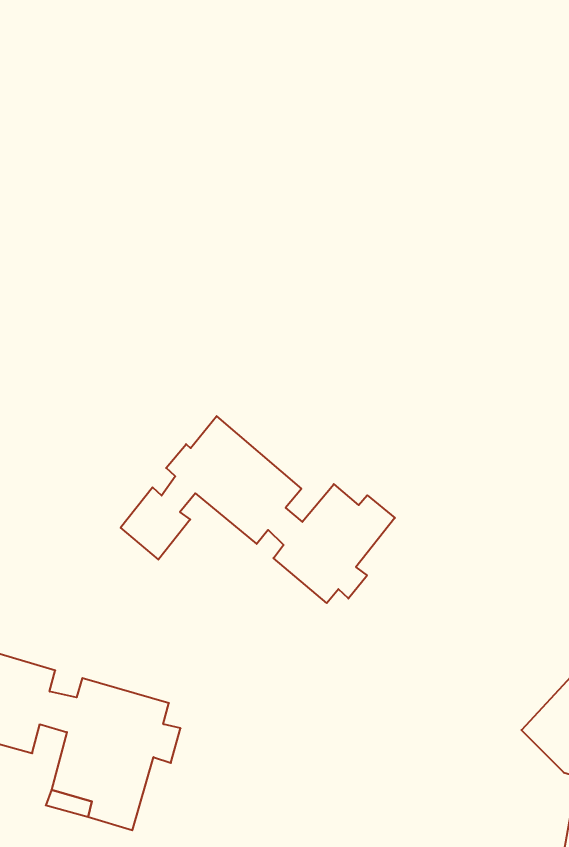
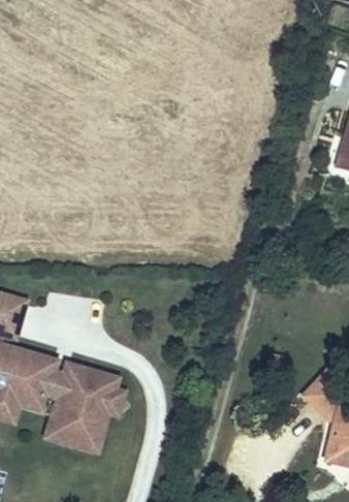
building: [121,416,395,603] -> none

